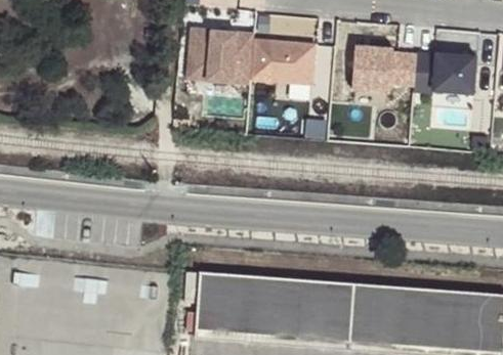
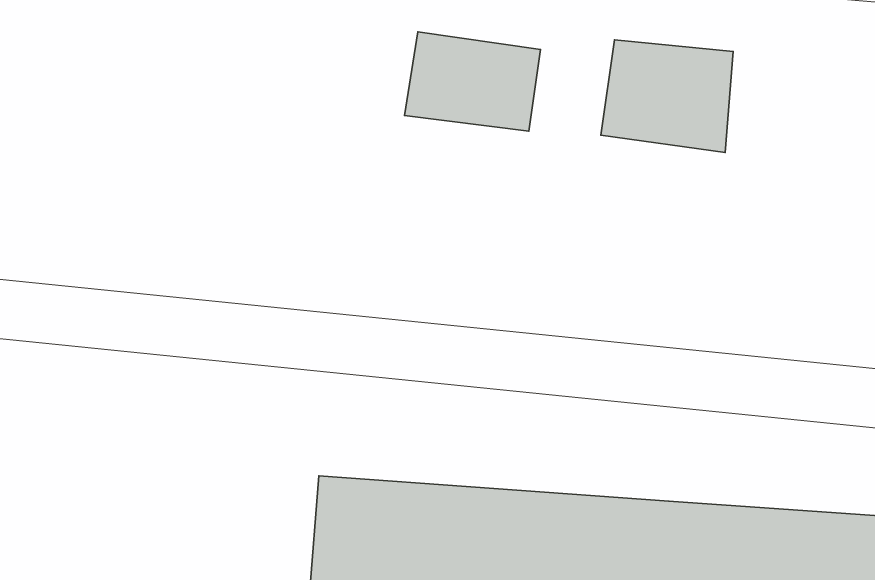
building: [183,30,236,82] -> none
building: [432,45,481,98] -> none

